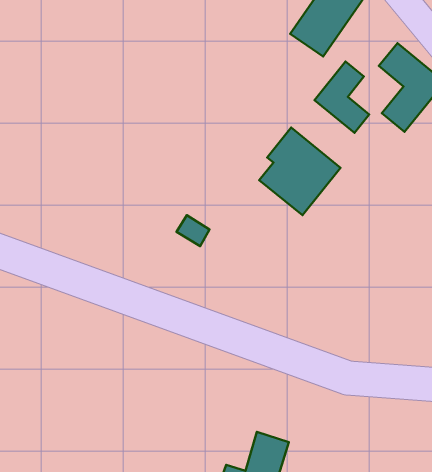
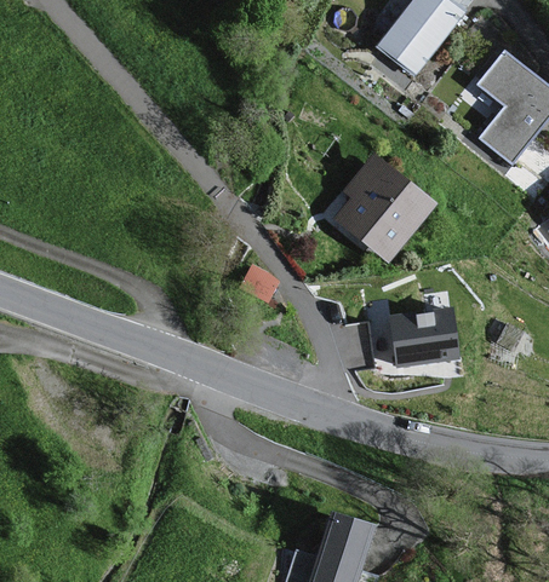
building: [314,62,369,133] -> none
building: none -> [393,311,458,364]

